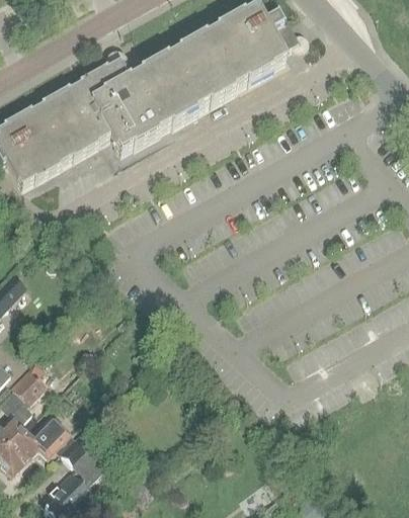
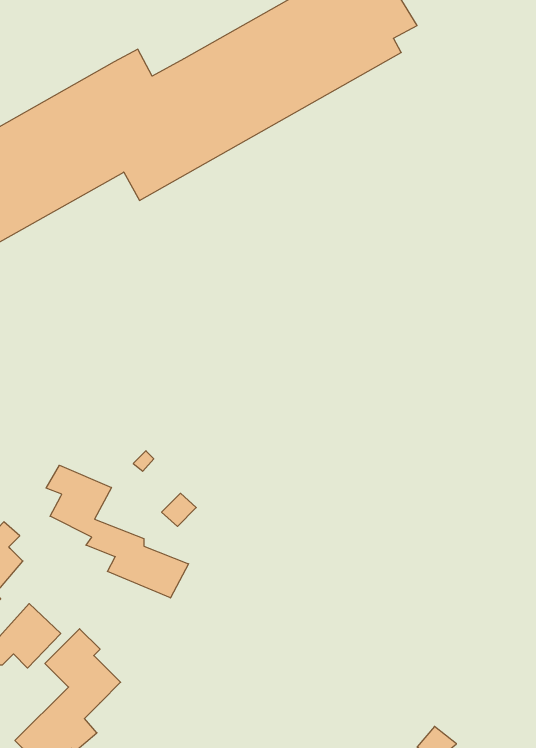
building: none -> [46,465,189,598]

